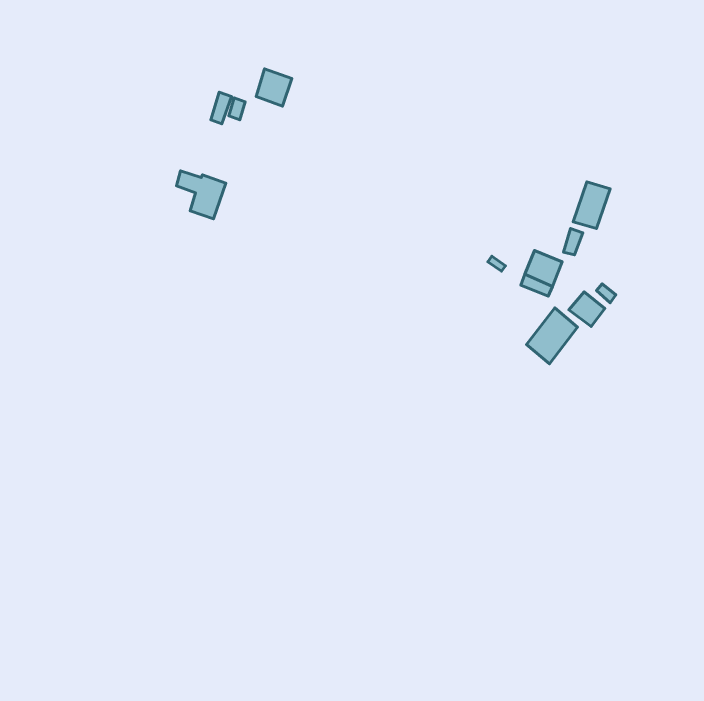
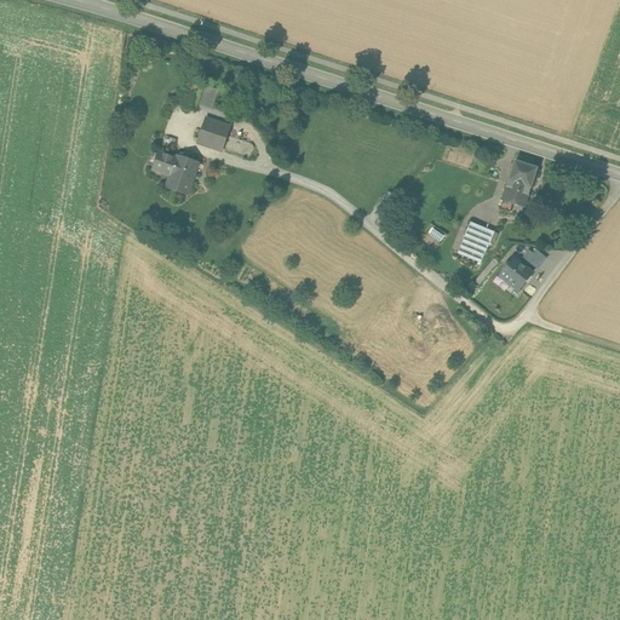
building: [256,69,292,106] -> [199,116,230,149]
building: [527,308,578,364] -> none

